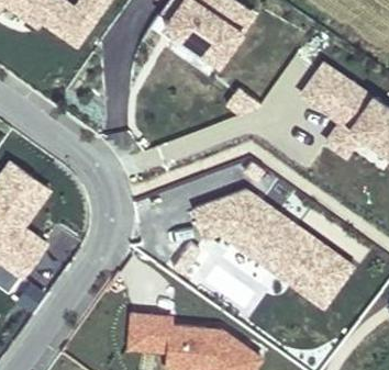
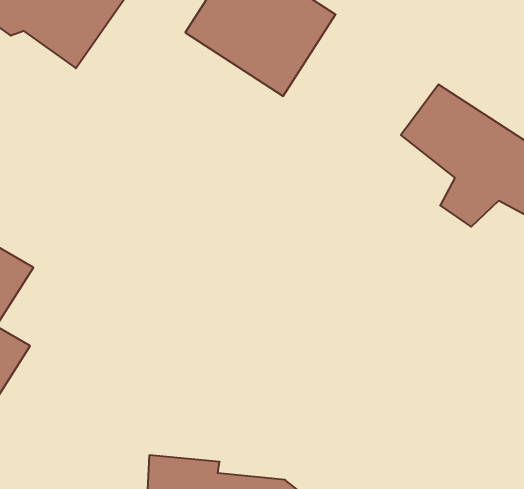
building: [192,188,353,307] -> none

